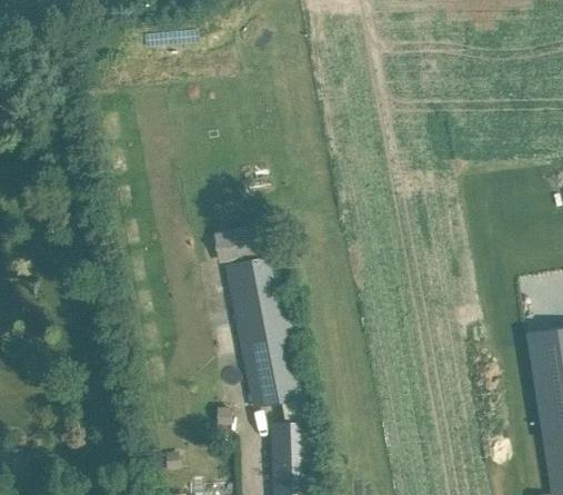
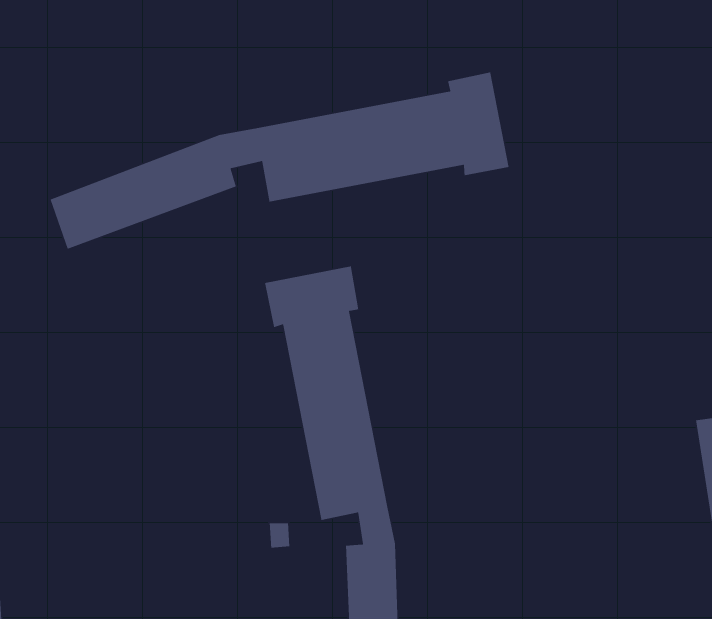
building: none -> [49,71,509,250]

